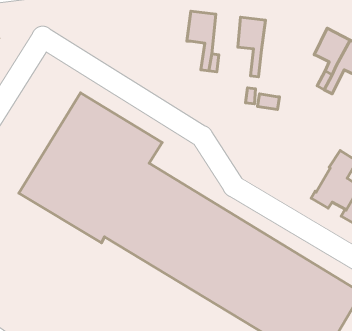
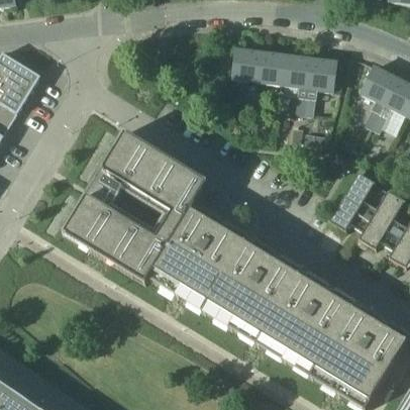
building: none -> [259,52,287,85]
building: none -> [305,58,337,116]
building: none -> [328,172,378,232]

